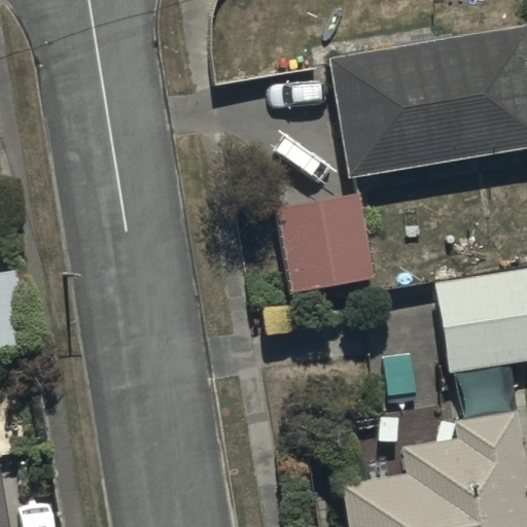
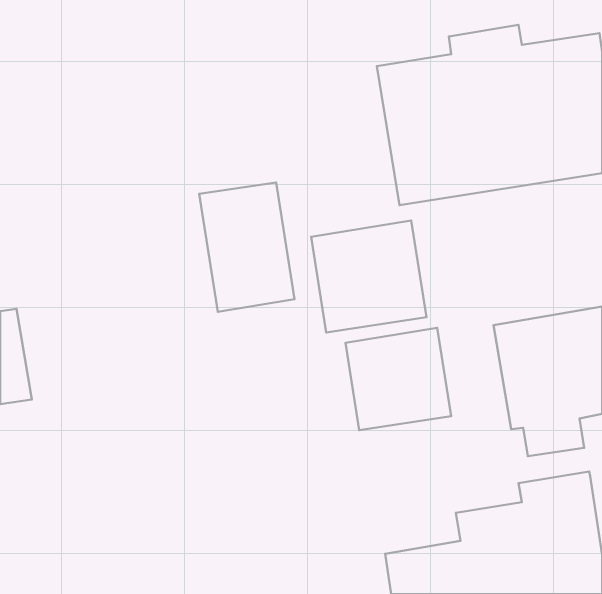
building: none -> [199,183,295,312]
building: none -> [345,328,451,430]

